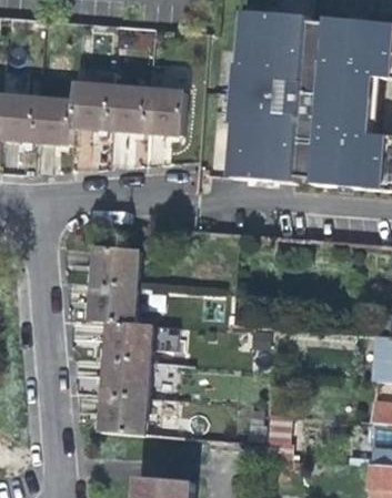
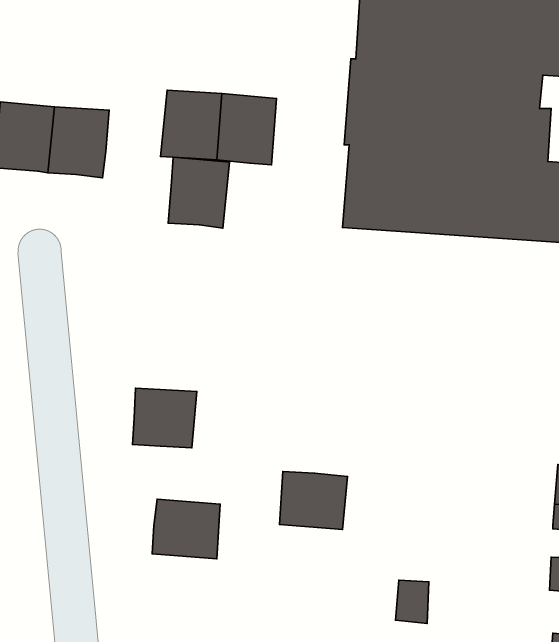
building: [71,82,112,130] -> [168,157,229,228]
building: [91,246,134,287] -> none
building: [105,324,151,363] -> [280,471,347,529]
building: [100,396,145,436] -> none

